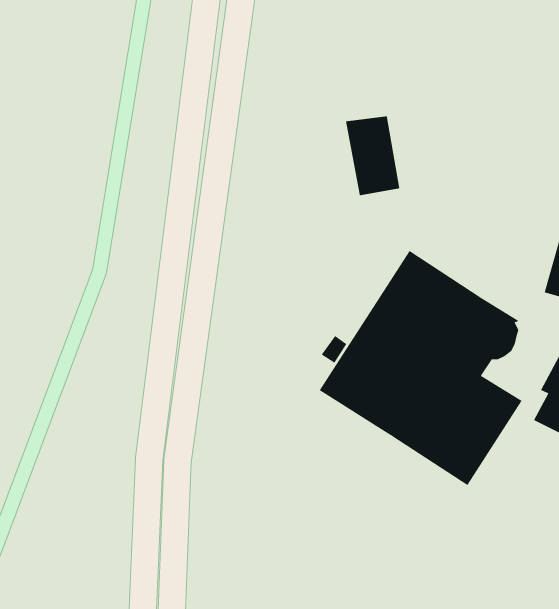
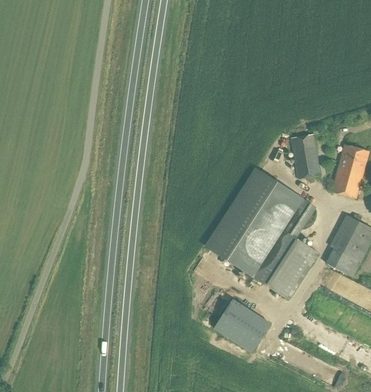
building: [345,116,400,196] -> [290,134,321,179]
building: none -> [213,298,269,351]

